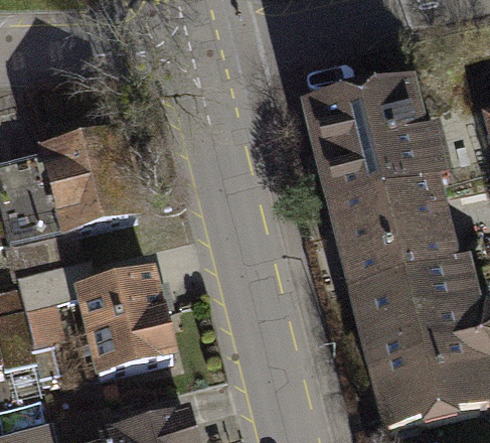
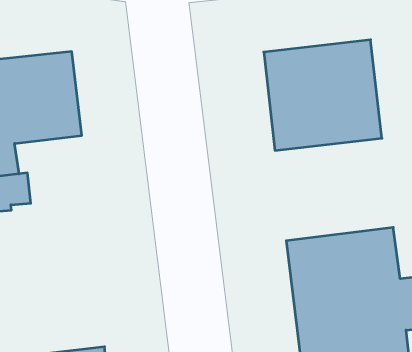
building: [330,179,455,291] -> none
building: [79,272,175,373] -> none

